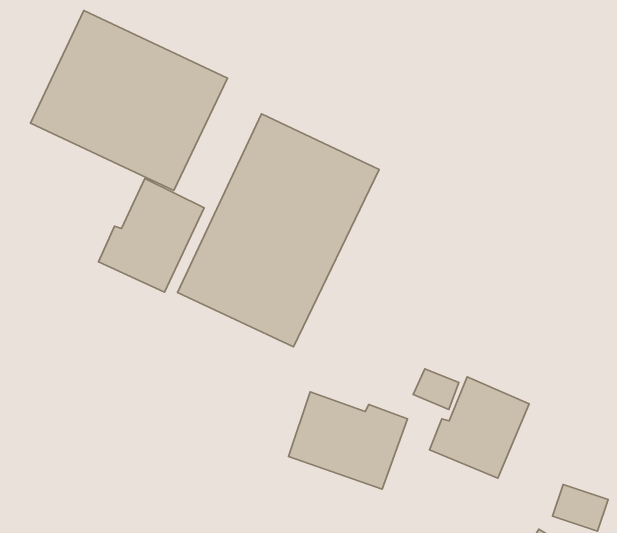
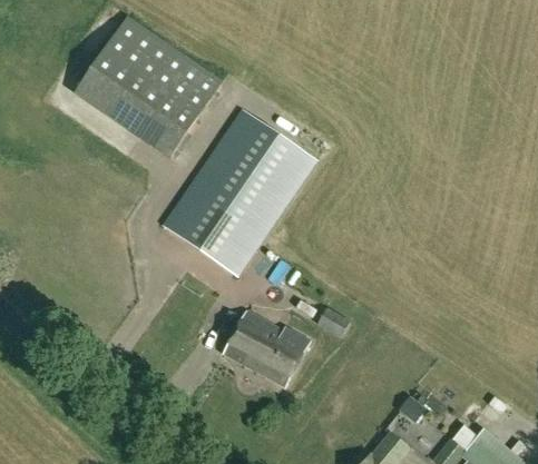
building: [99,179,204,292] -> none
building: [430,377,529,478] -> none

